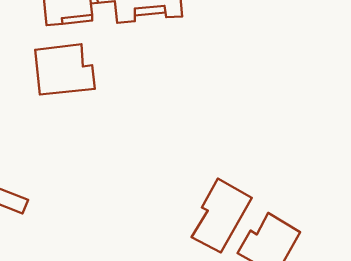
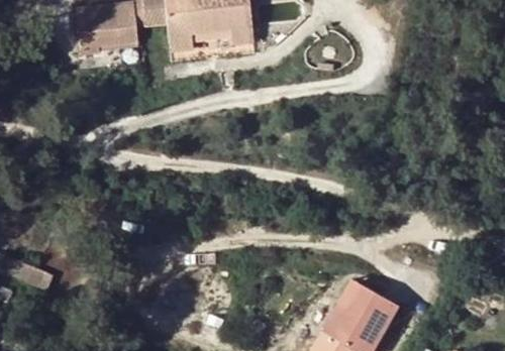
building: [35,44,95,95] -> none
building: [192,179,252,252] -> none

